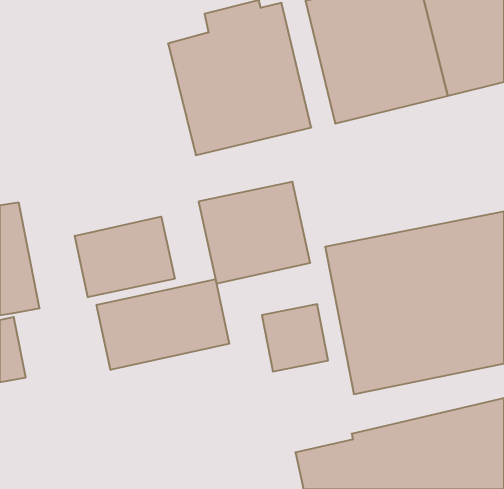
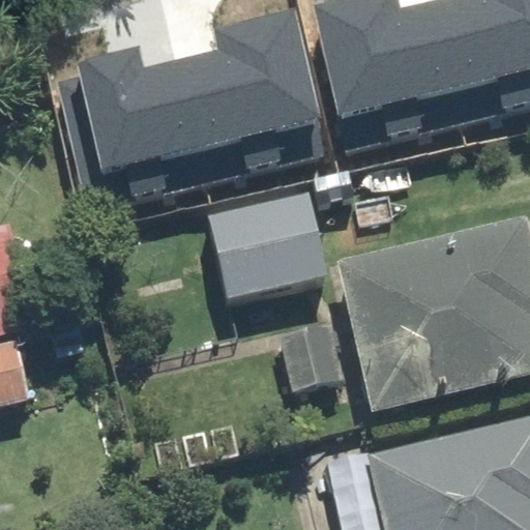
building: none -> [56,35,205,190]
building: [75,217,175,297] -> none
building: [97,279,229,370] -> none

